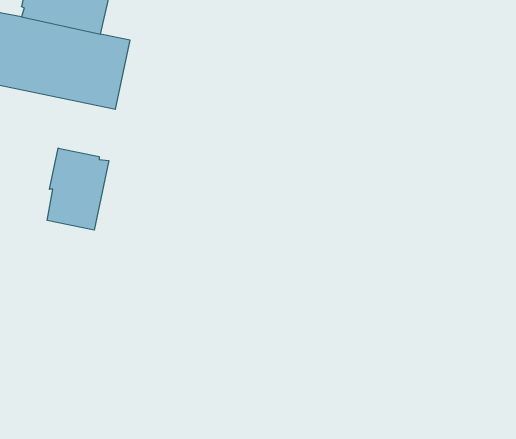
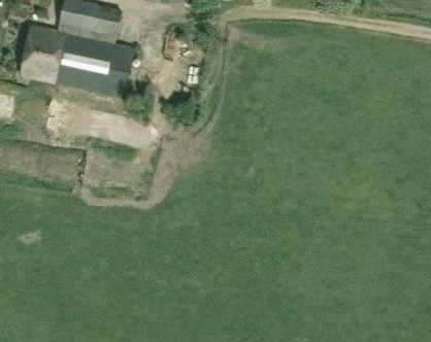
building: [47,148,109,230] -> none

